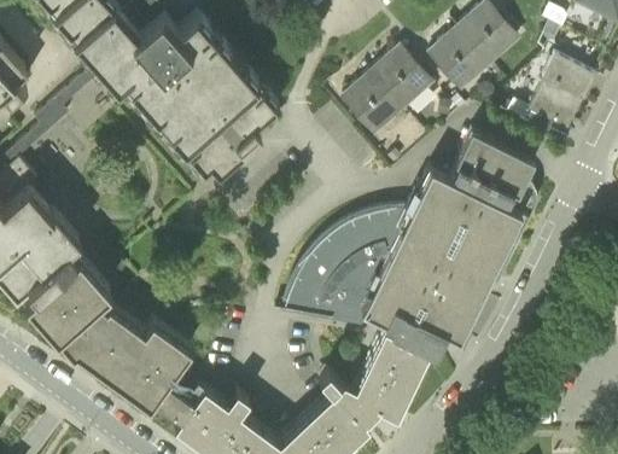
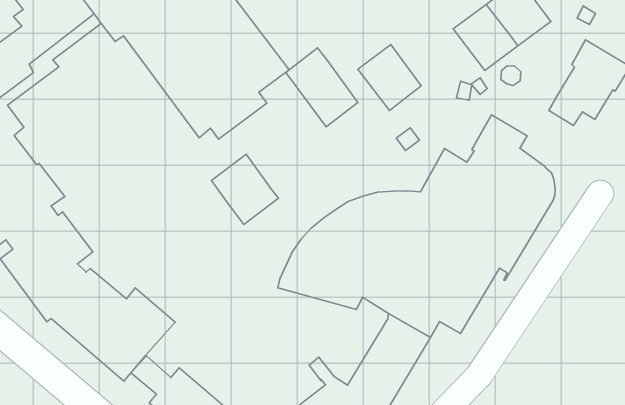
building: [371,46,431,107] -> none
building: none -> [286,48,358,127]
building: none -> [211,154,278,224]

